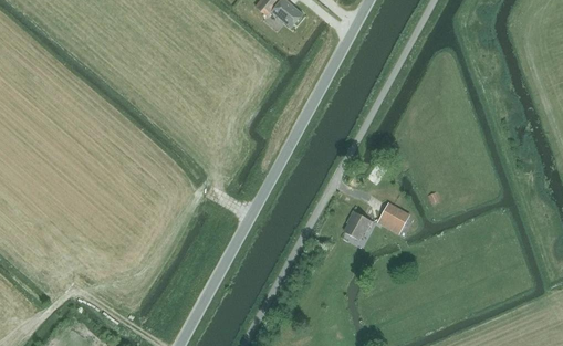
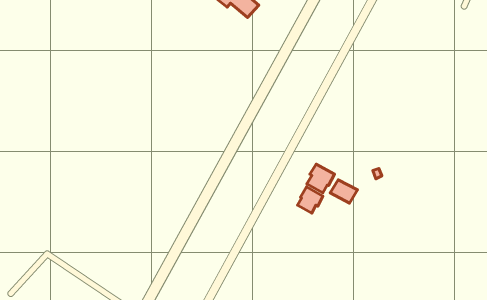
building: none -> [307,164,334,193]

